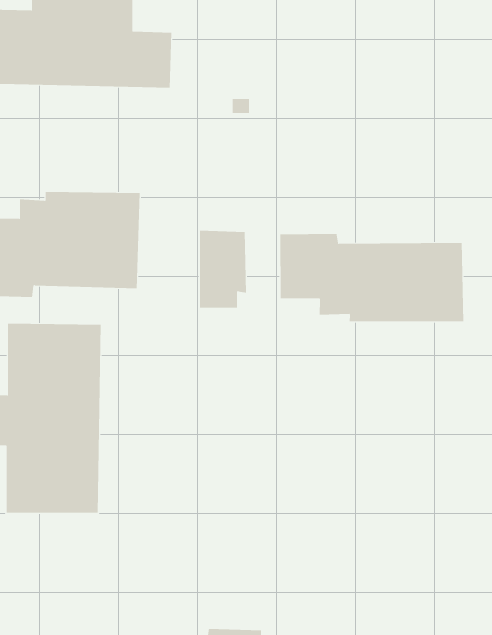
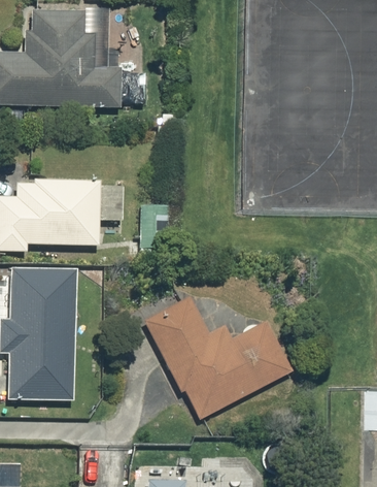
building: [280,233,464,322] -> none
building: none -> [143,296,293,419]

